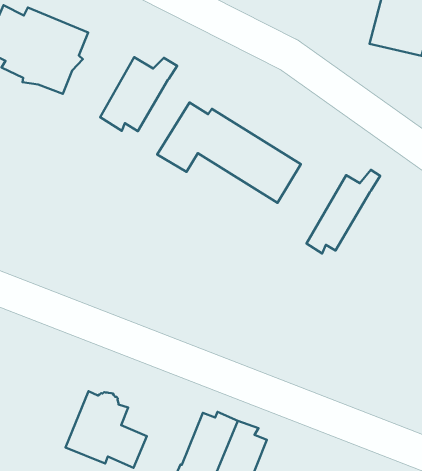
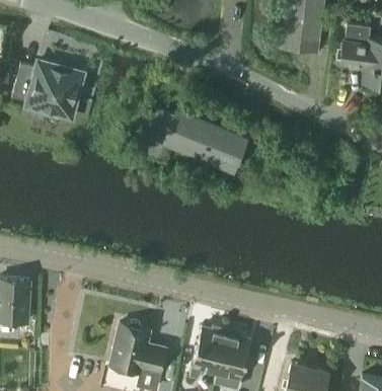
building: [100,57,177,131] -> none
building: [307,170,380,253] -> none

